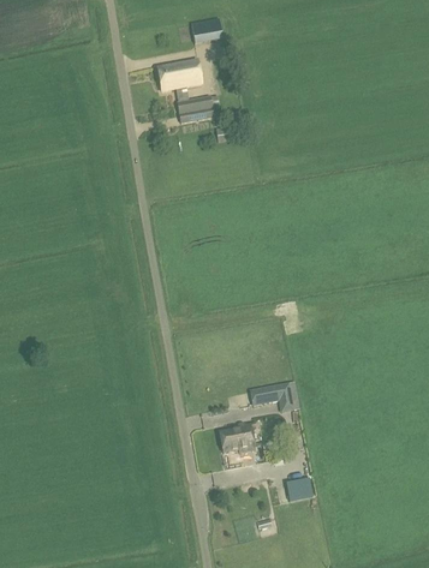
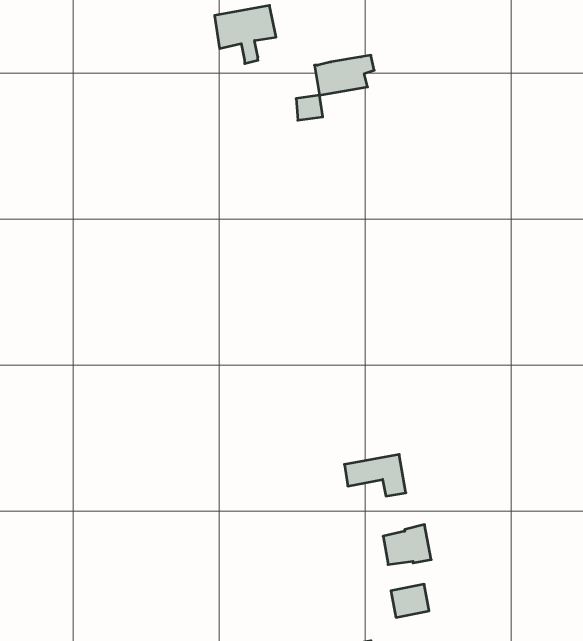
building: [177,94,220,122] -> [314,55,374,95]
building: [220,423,255,452] -> [383,525,431,565]

